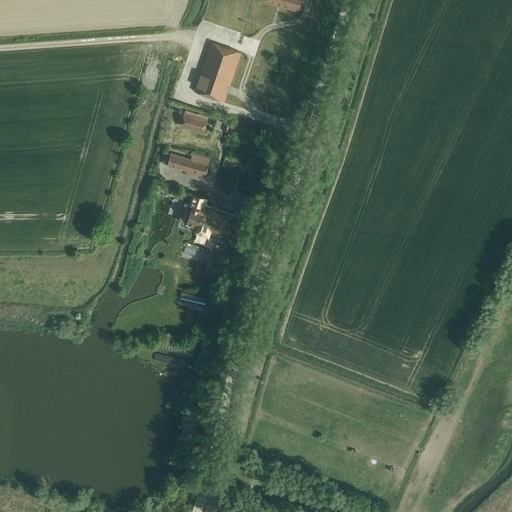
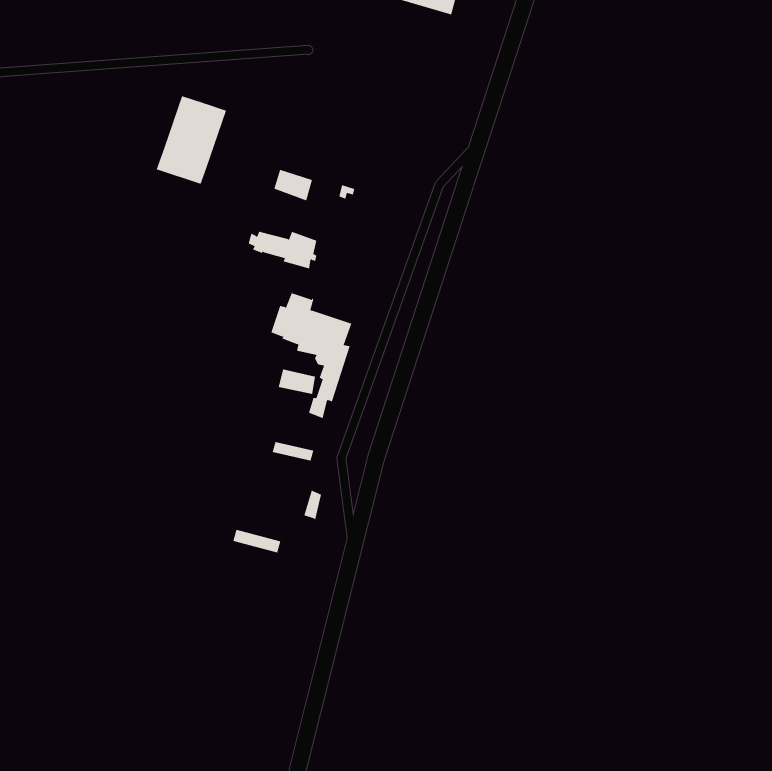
building: [194,41,241,100] -> [156,95,227,185]

